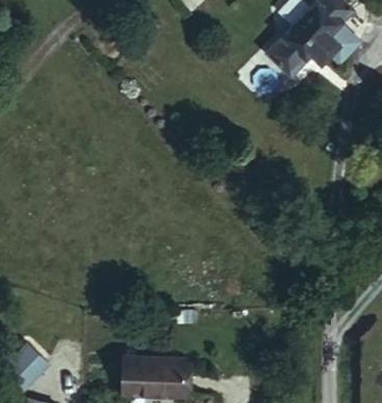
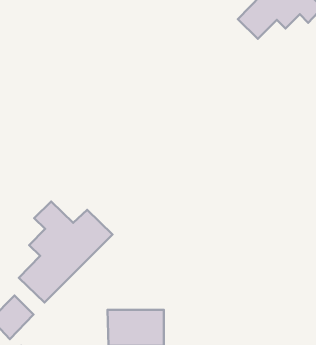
building: none -> [19,202,113,303]

